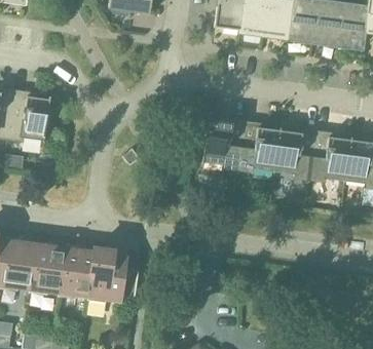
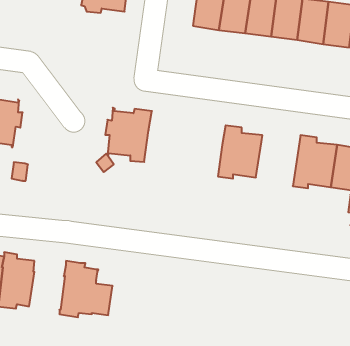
building: [200,118,245,169] -> [105,108,152,162]
building: [273,128,315,179] -> none
building: [58,245,94,299] -> none

